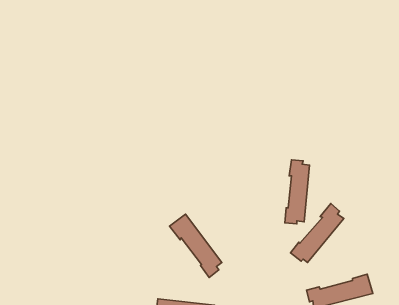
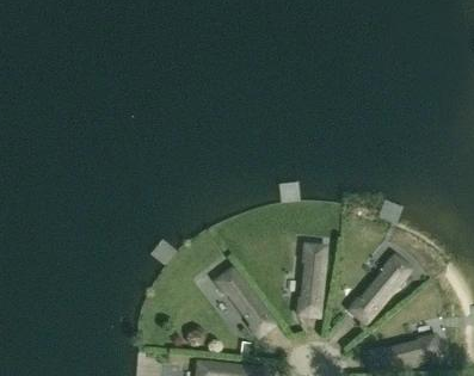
building: [285,160,310,224] -> [298,245,326,316]

